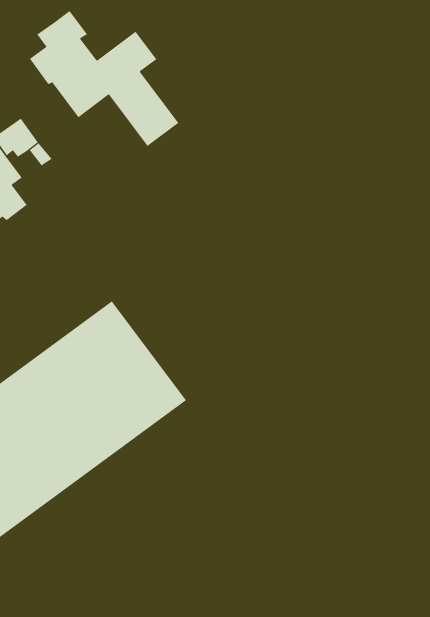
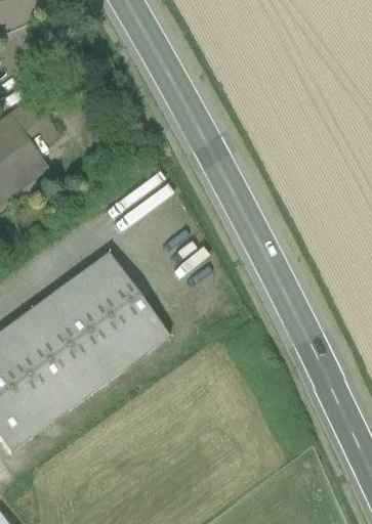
building: [29,10,179,147] -> none

